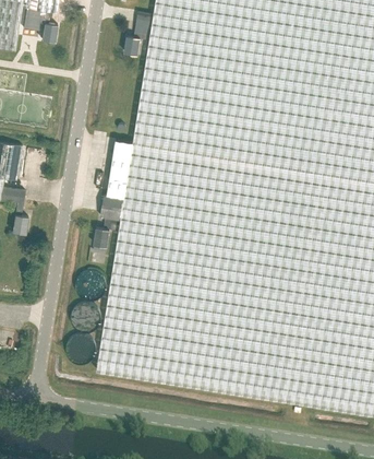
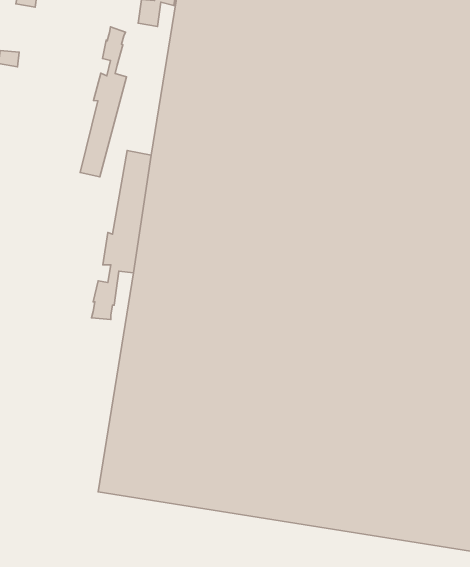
building: none -> [80,27,126,177]

